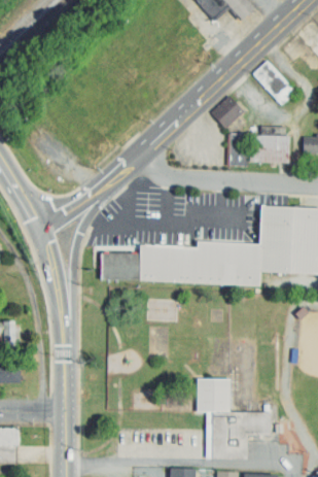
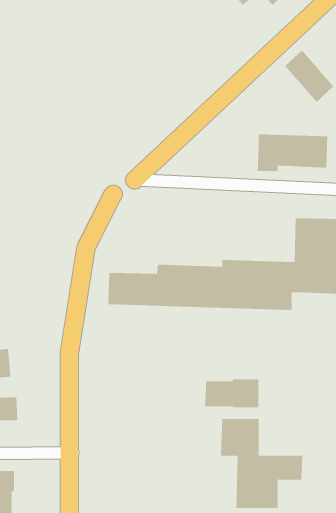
building: [212,98,243,129] -> none
building: none -> [204,378,259,408]

